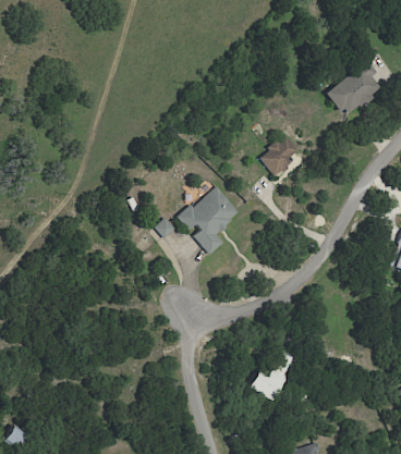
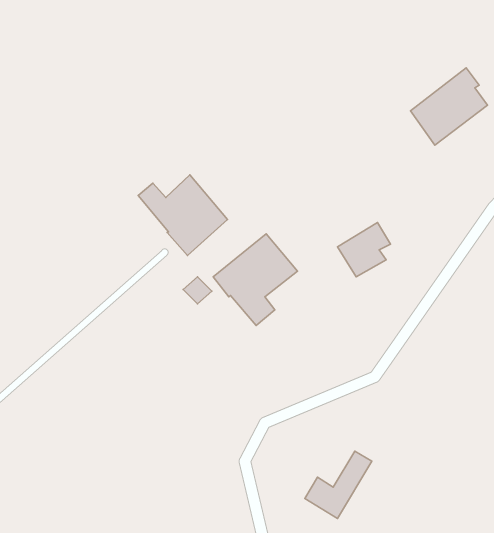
building: [258,135,299,176] -> [338,223,390,277]
building: none -> [138,175,227,255]

